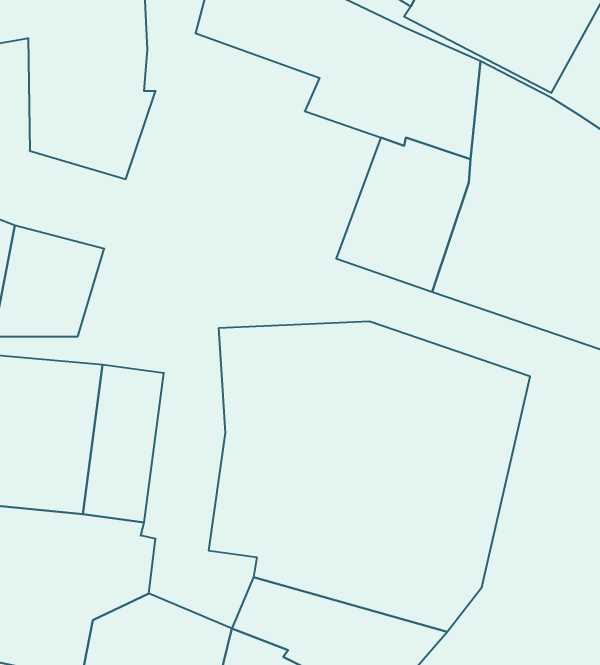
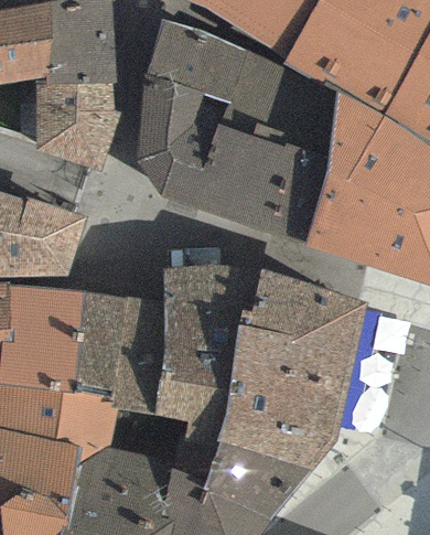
building: none -> [136,73,268,223]
building: none -> [108,299,164,417]

